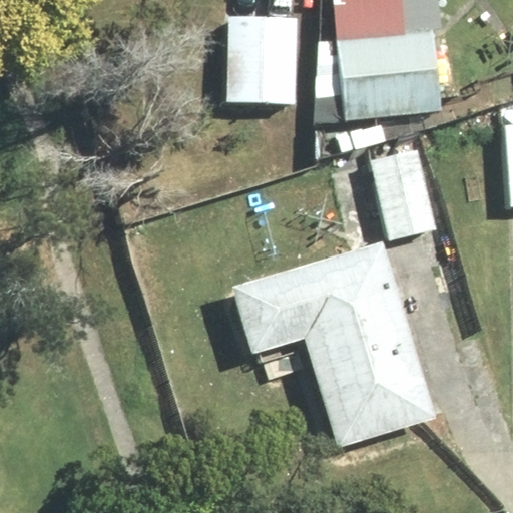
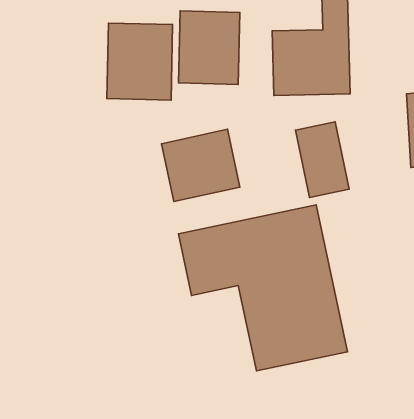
building: none -> [107,23,173,100]
building: none -> [161,129,240,202]

